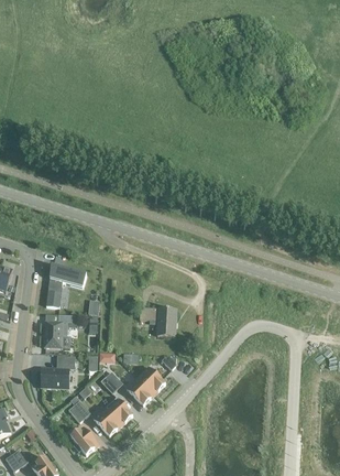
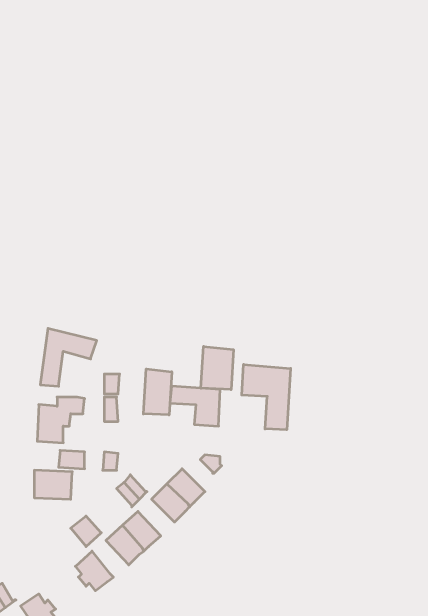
building: none -> [201,346,233,390]
building: none -> [242,364,291,430]
building: none -> [143,369,172,415]

